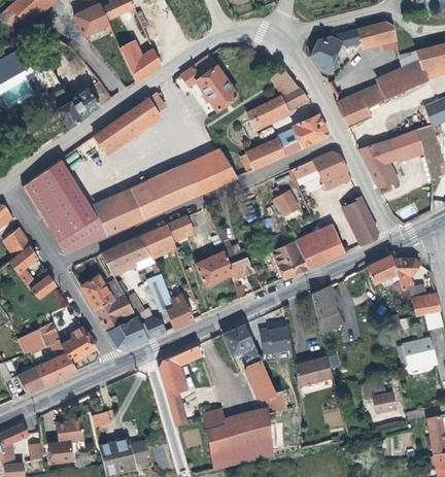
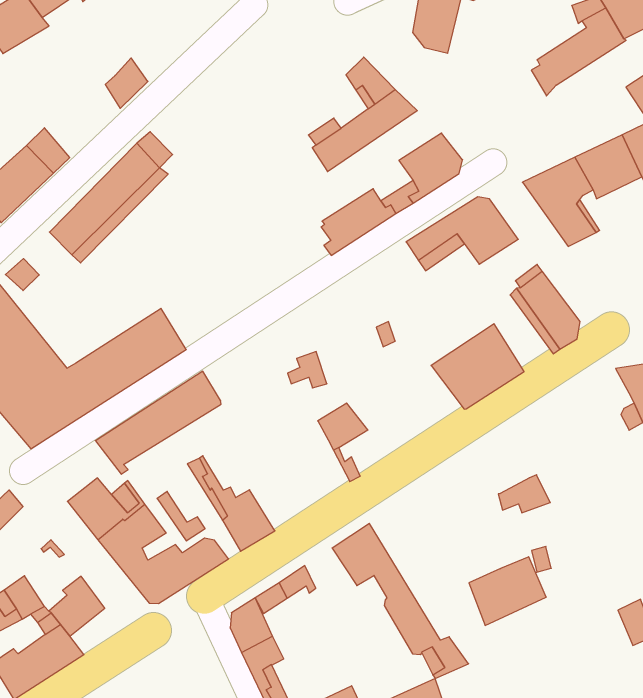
building: [122,39,144,79] -> none
building: [181,55,236,109] -> none
building: [335,83,379,128] -> none
building: [95,148,237,212] -> none
building: [274,192,299,223] -> none
building: [167,216,195,243] -> none
building: [272,242,307,279] -> none
building: [196,252,230,285] -> none
building: [368,255,399,284] -> none
building: [312,286,337,318] -> none
building: [261,328,292,353] -> none

